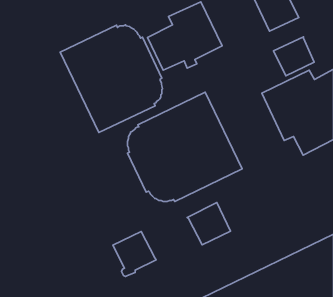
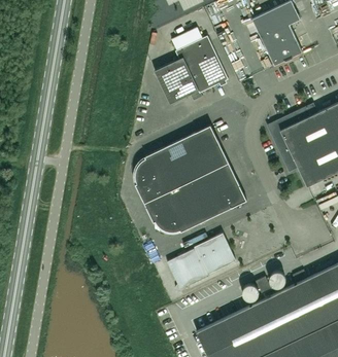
building: [60,25,162,133] -> none
building: [274,37,314,76] -> none
building: [113,231,156,277] -> [167,248,209,292]

